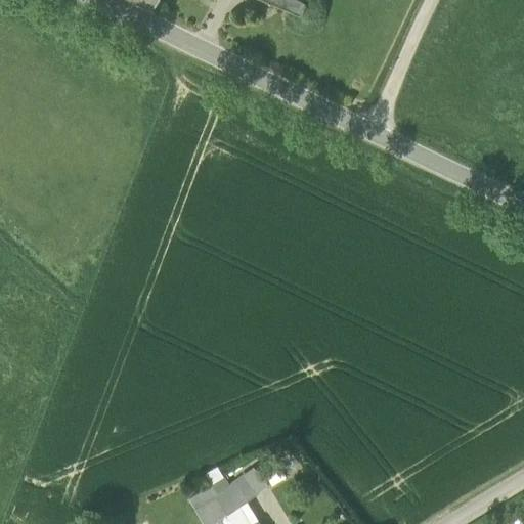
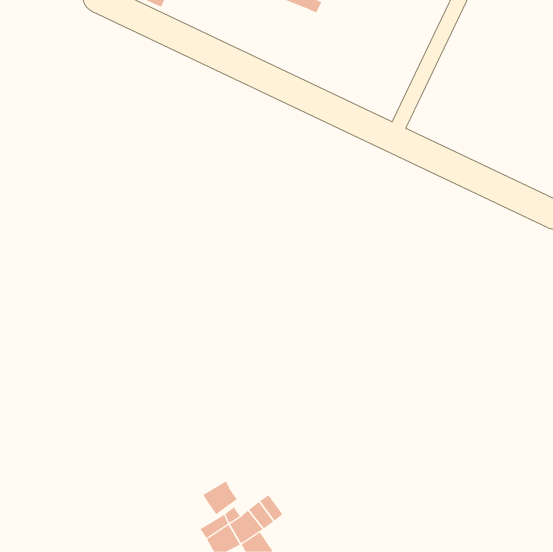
building: none -> [202,481,238,515]

